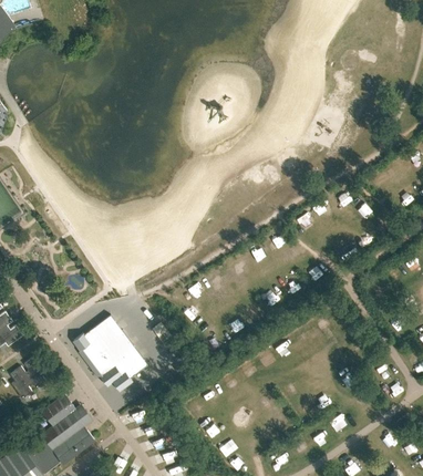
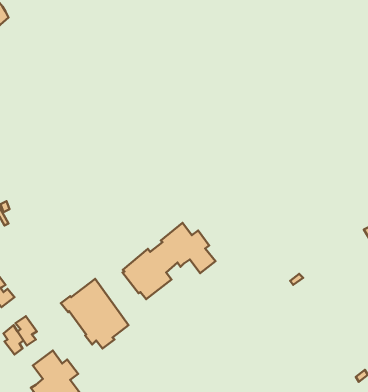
building: none -> [123,223,216,299]

